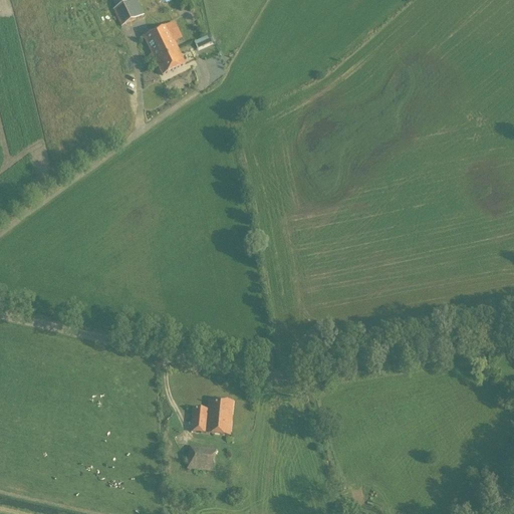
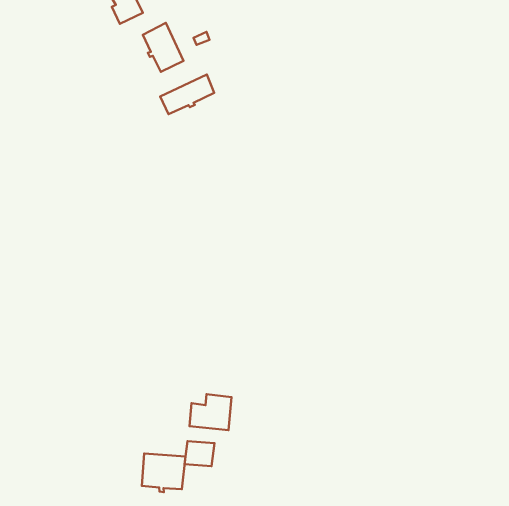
building: none -> [160,74,214,114]
building: none -> [142,454,185,492]

